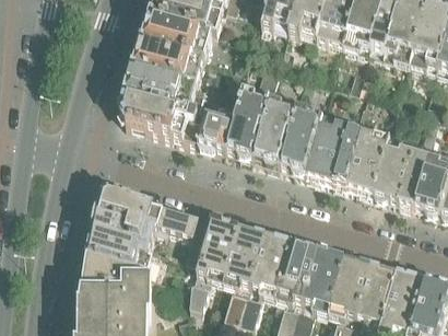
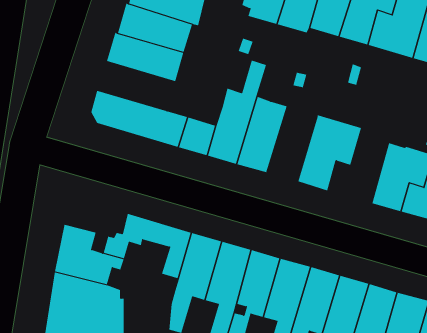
building: [125,63,196,108] -> none
building: [278,104,322,172] -> none
building: [332,124,389,192] -> none
building: [95,188,152,236] -> none

